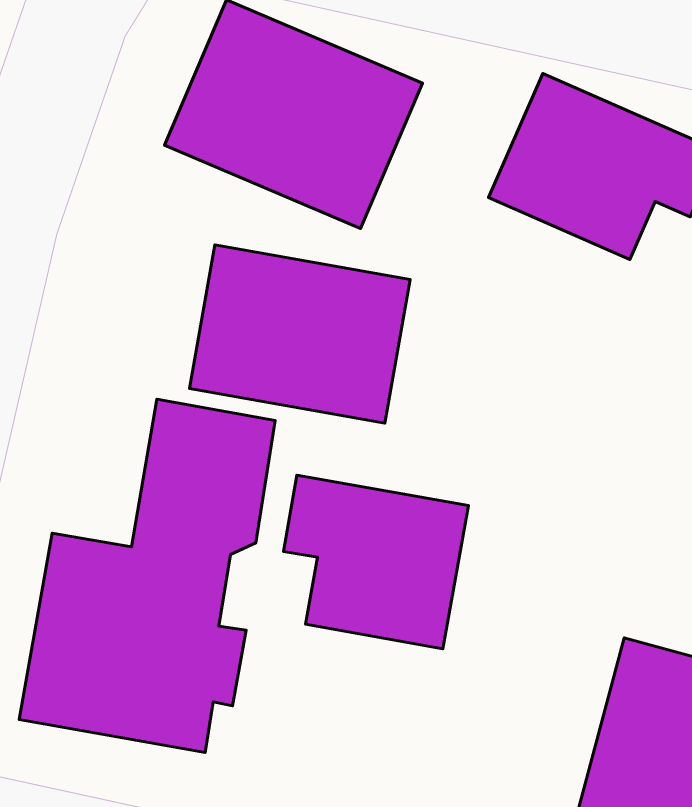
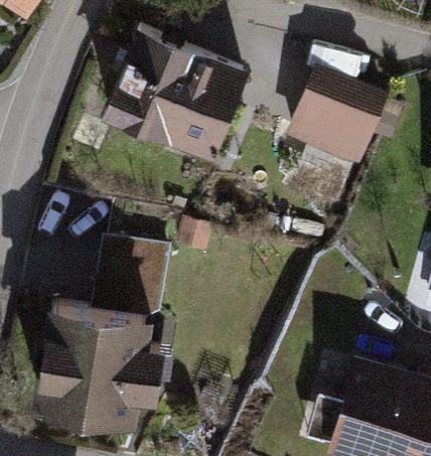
building: [190,245,410,423] -> none
building: [284,475,469,649] -> none

